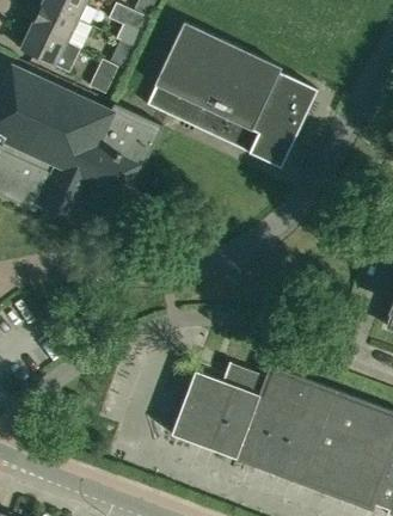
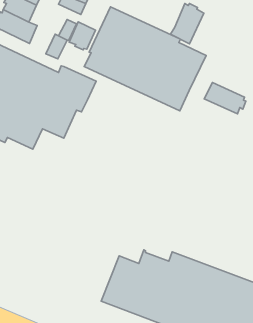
building: none -> [171,3,204,44]
building: none -> [69,22,95,50]
building: none -> [204,82,246,114]

